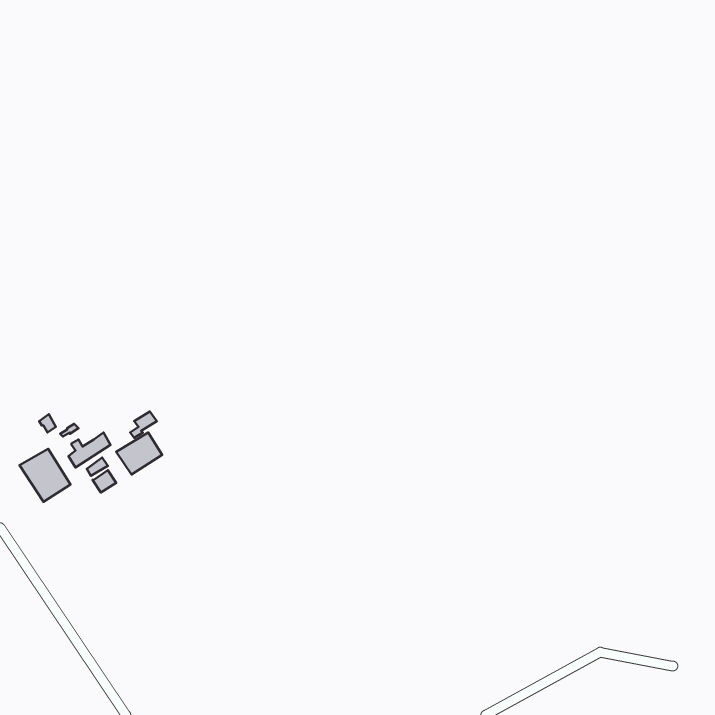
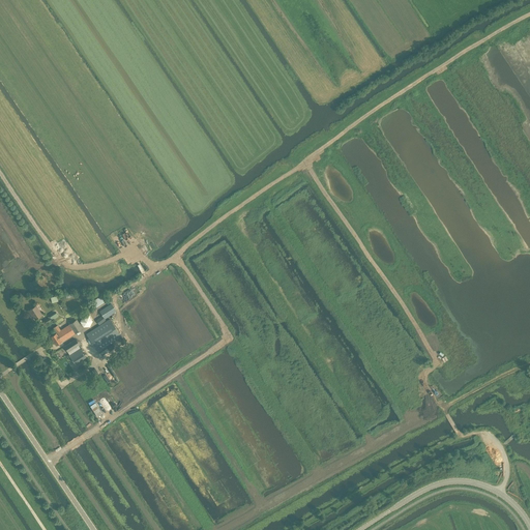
building: [20,449,71,502] -> none

